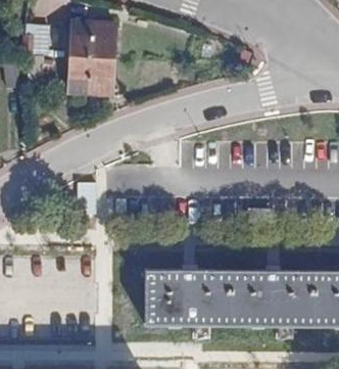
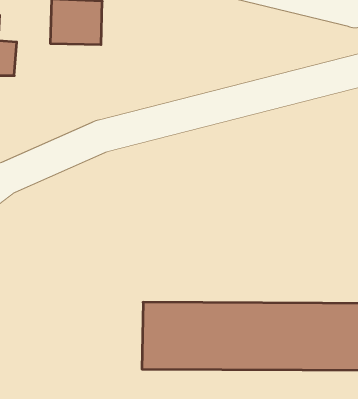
building: [68,57,112,95] -> none

